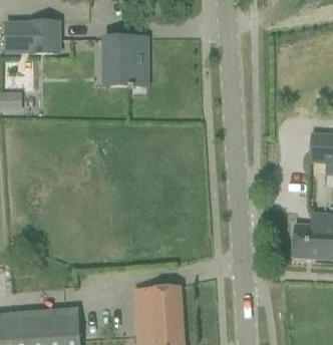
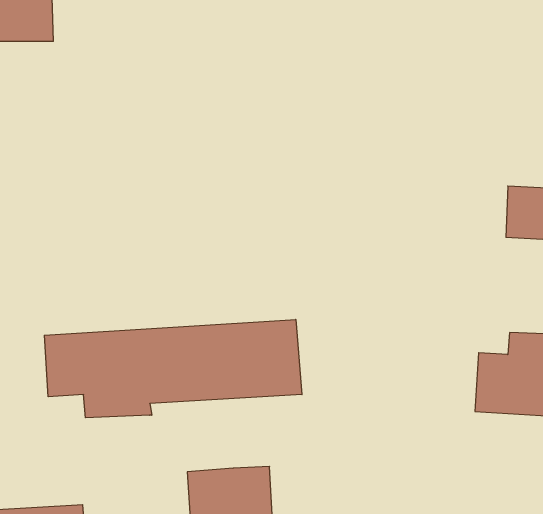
building: [103,36,146,85] -> none
building: none -> [44,319,302,418]

